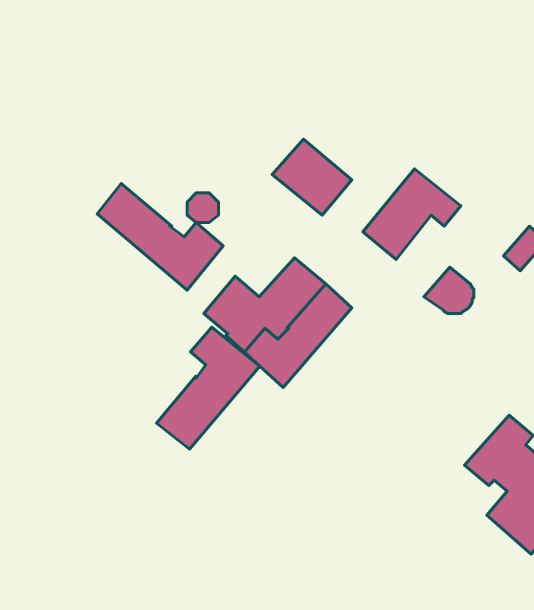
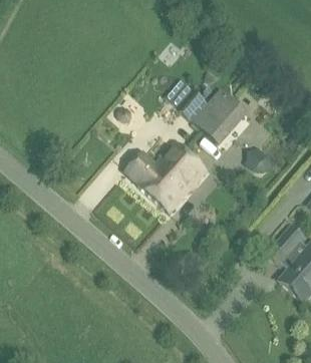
building: none -> [197,82,238,127]
building: [97,183,223,290] -> none
building: [157,327,260,449] -> none

